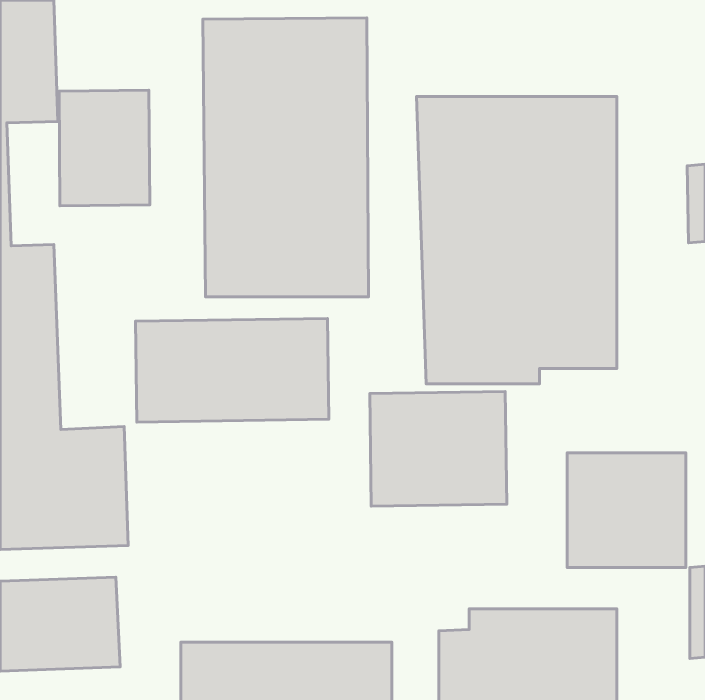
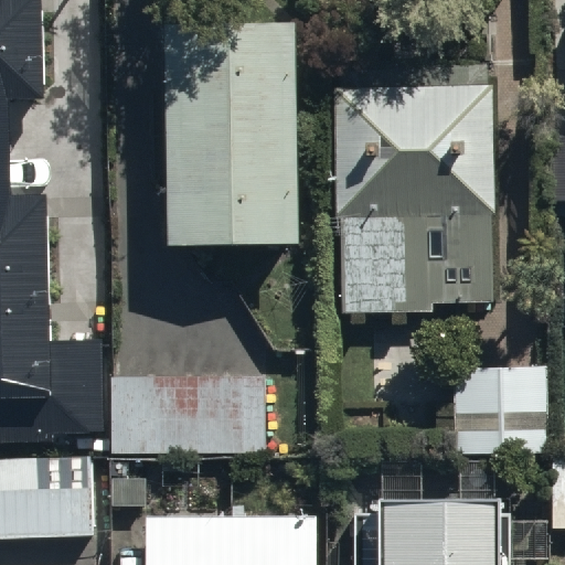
building: [59,90,150,206] -> none
building: [136,319,329,422] -> [111,374,266,457]
building: [370,391,507,506] -> none

